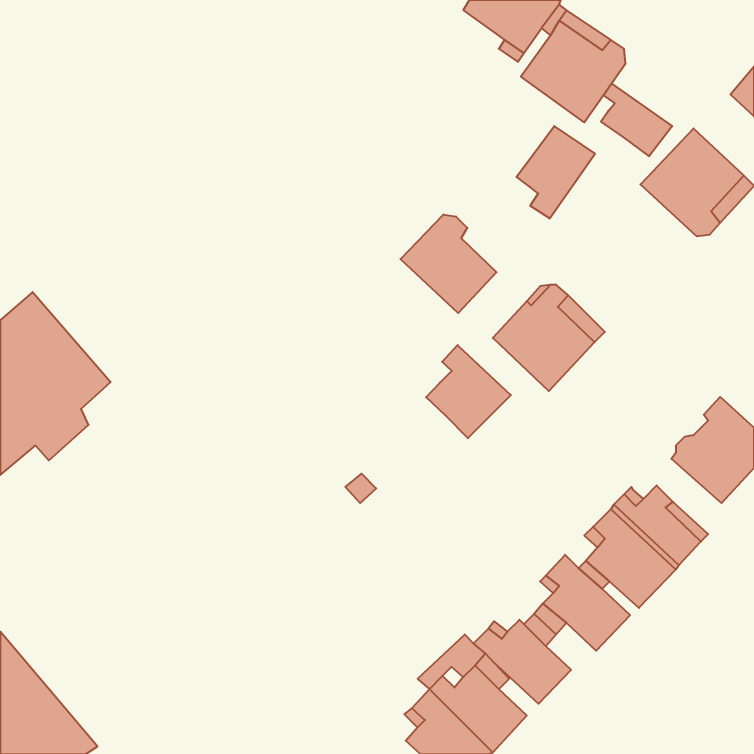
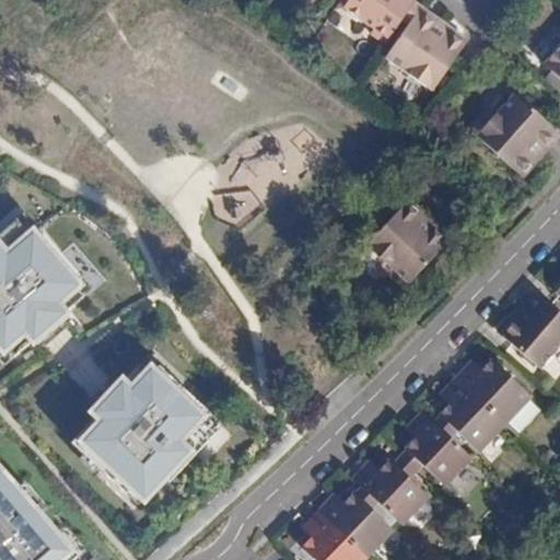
building: [601,84,672,156] -> none
building: [516,126,595,219] -> none
building: [400,214,497,313] -> none
building: [426,345,511,438] -> none
building: none -> [79,365,220,505]

